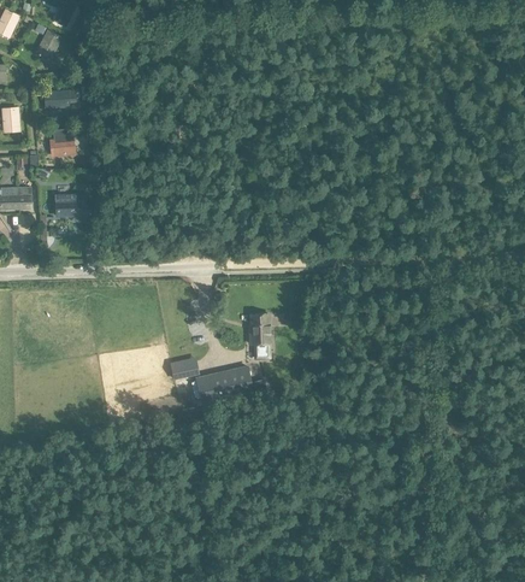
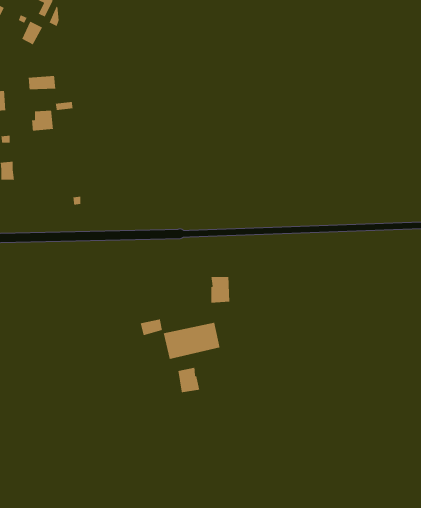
building: [55,194,84,216] -> none
building: none -> [178,367,200,393]

